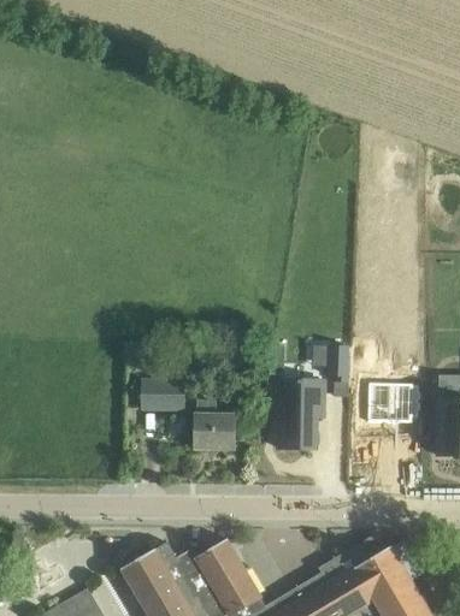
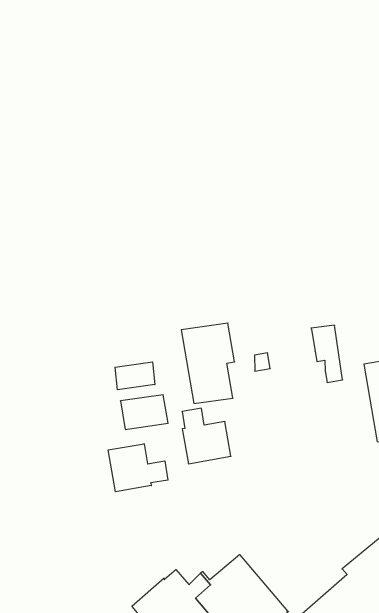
building: none -> [115,362,155,390]
building: [281,381,324,451] -> [181,323,235,403]
building: none -> [108,444,168,492]

